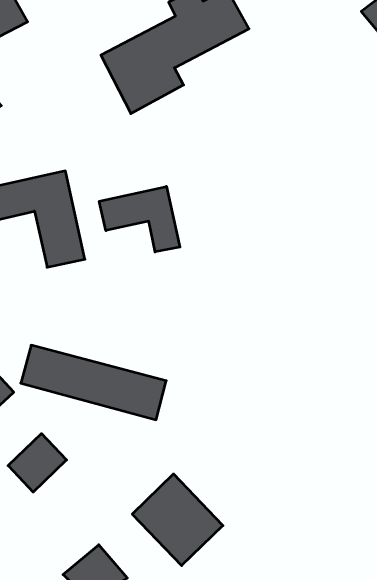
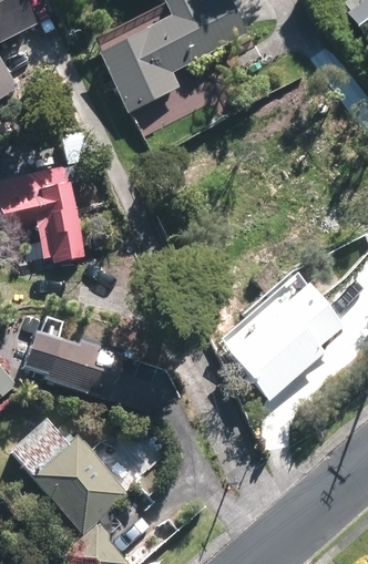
building: [99,186,180,252] -> none
building: none -> [229,289,335,398]
building: [132,474,223,566] -> [37,441,124,530]

